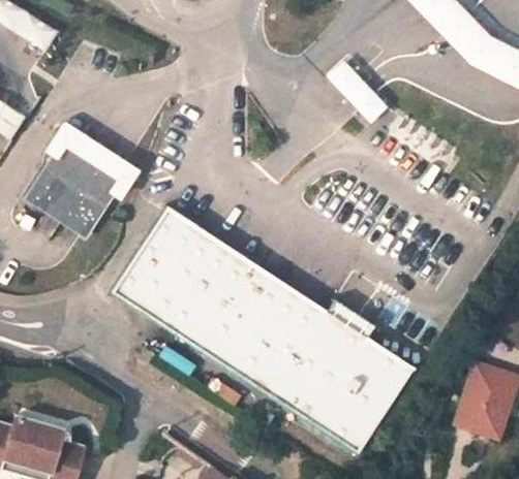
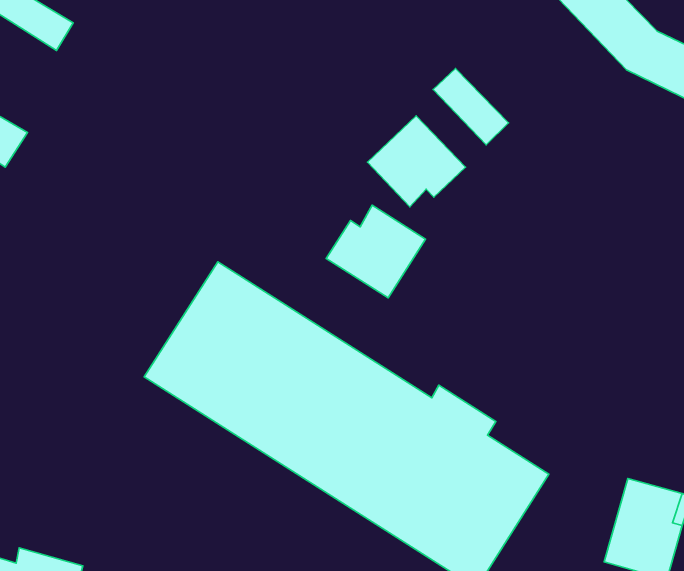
building: none -> [367,116,465,207]
building: [23,117,139,236] -> none
building: none -> [326,205,426,298]

